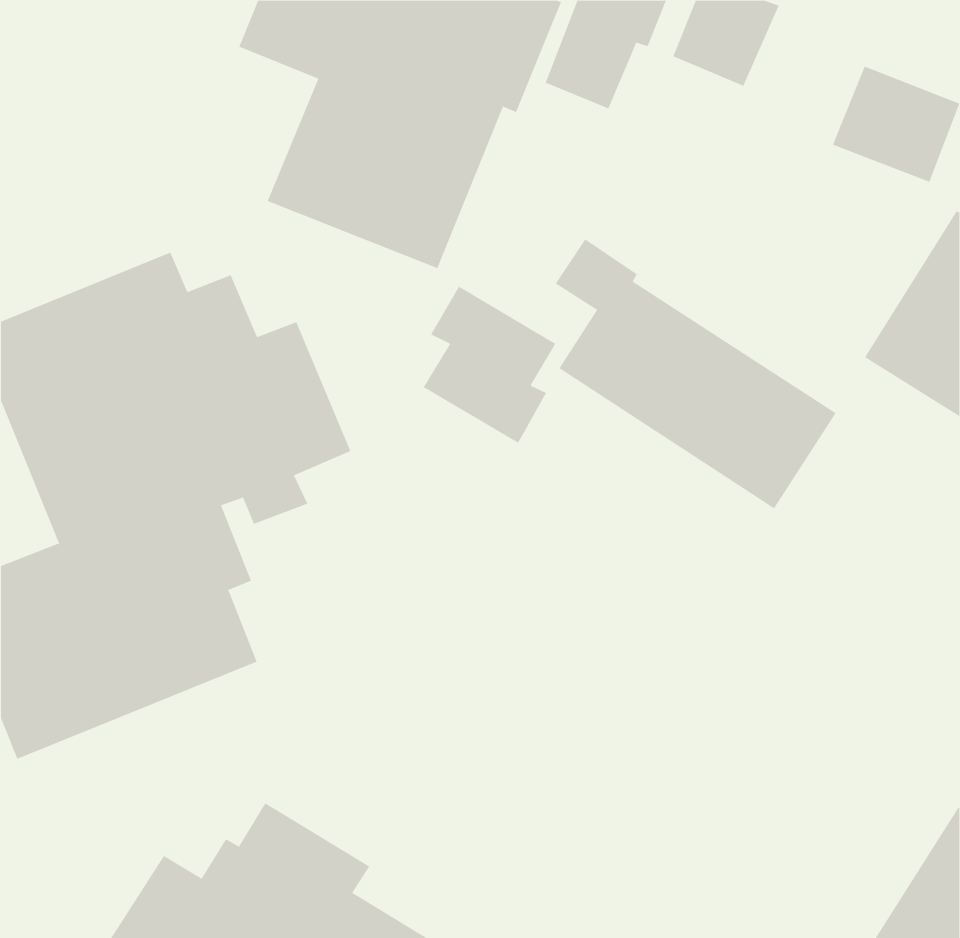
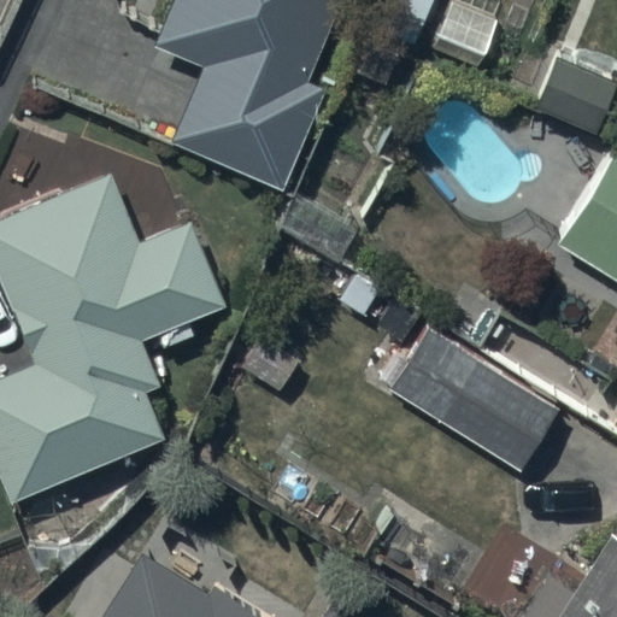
building: [555,238,837,509] -> [377,299,558,472]

